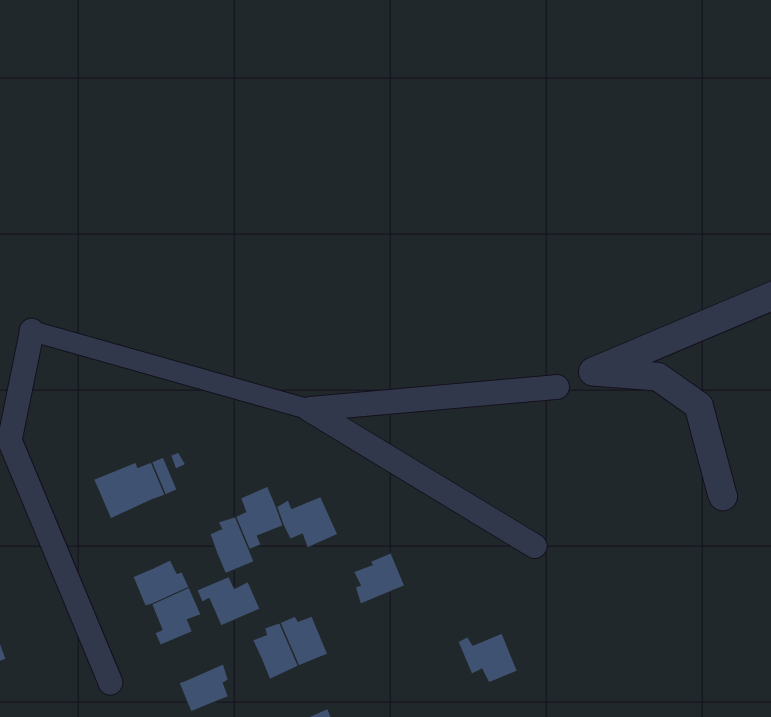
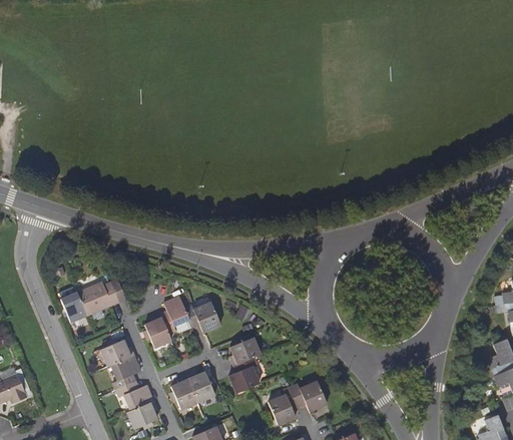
building: none -> [60,286,88,322]
building: [197,576,260,626] -> [117,381,154,410]
building: none -> [229,357,260,393]
building: none -> [270,387,300,424]

